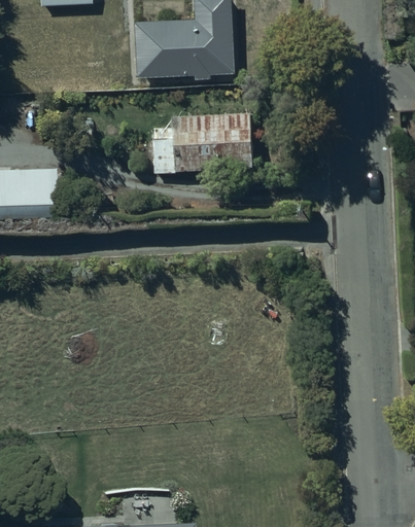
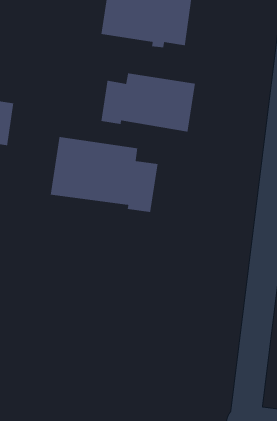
building: none -> [50,136,159,213]

